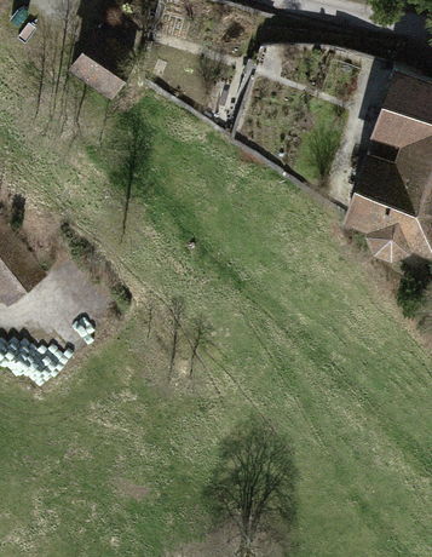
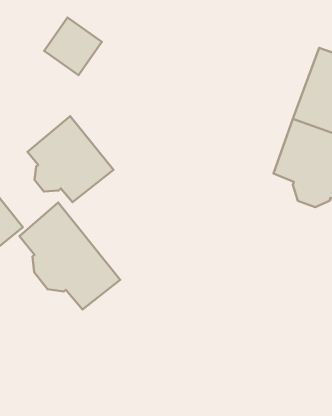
building: none -> [28,116,113,202]
building: none -> [19,203,120,310]

